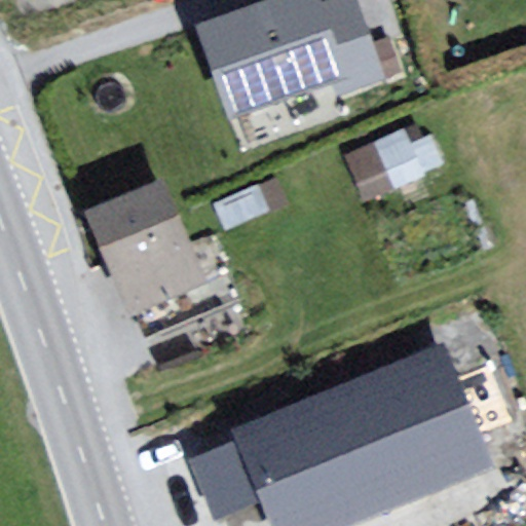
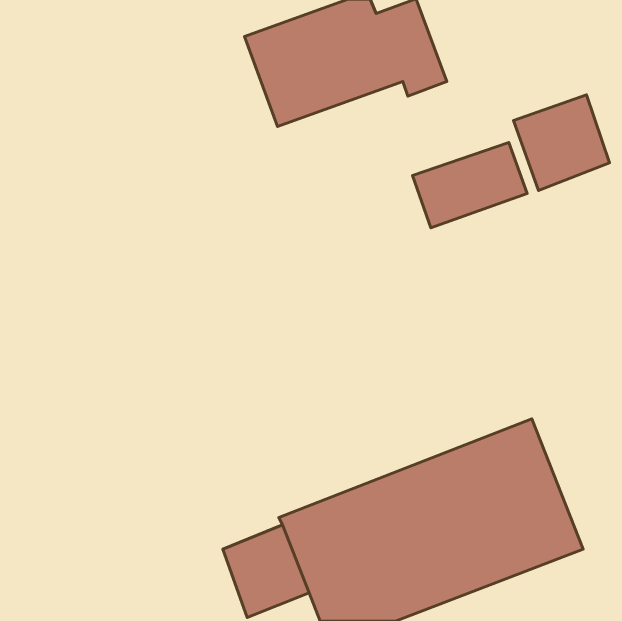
building: none -> [514,95,610,191]
building: [88,186,202,317] -> none

